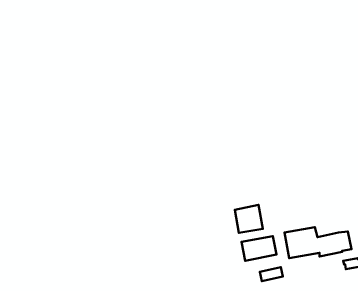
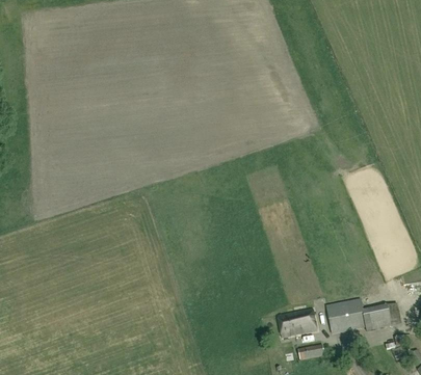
building: [235,205,263,233] -> none

